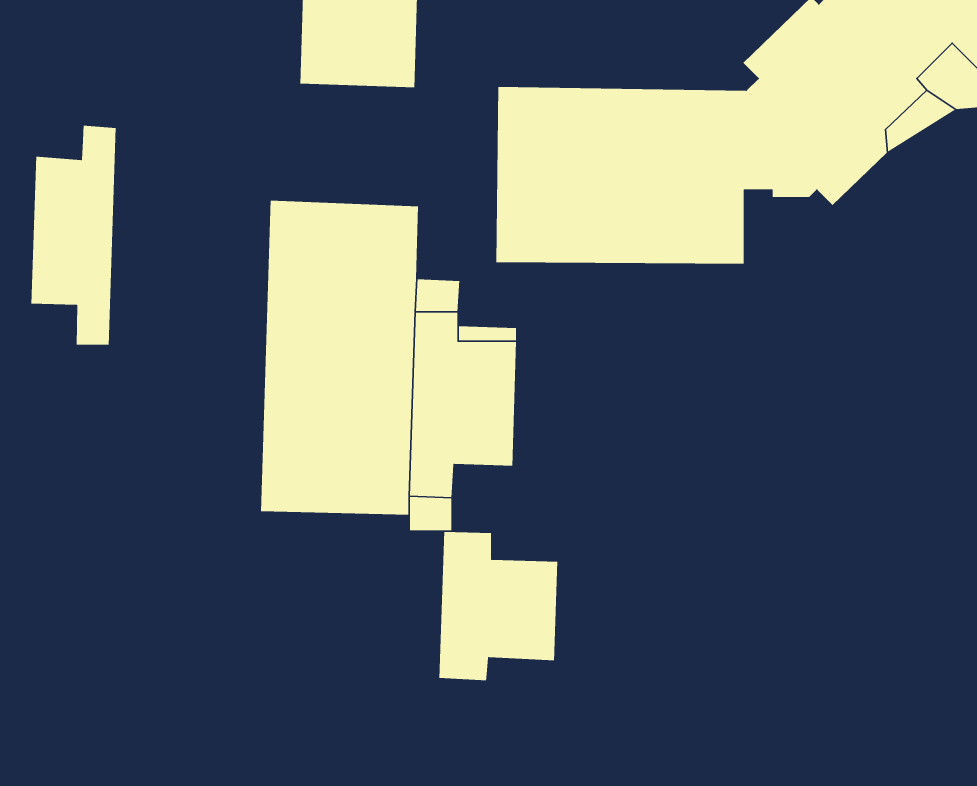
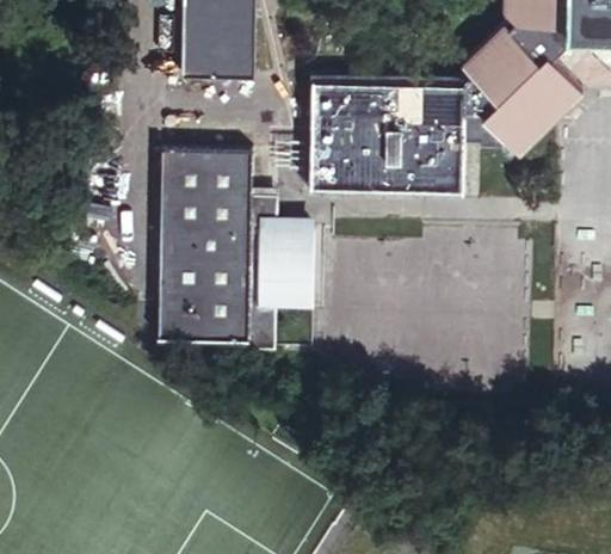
building: [31,125,116,346] -> none
building: [439,531,558,681] -> none

